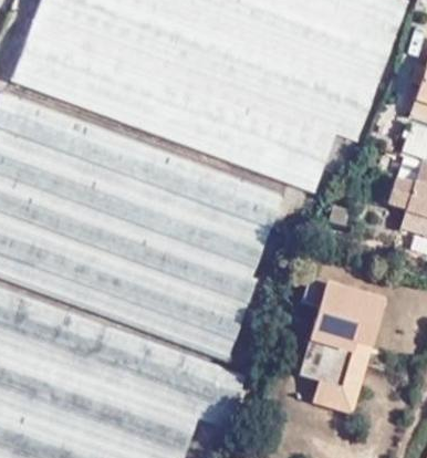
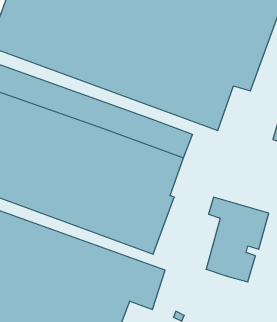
building: [321,344,372,415] -> none

